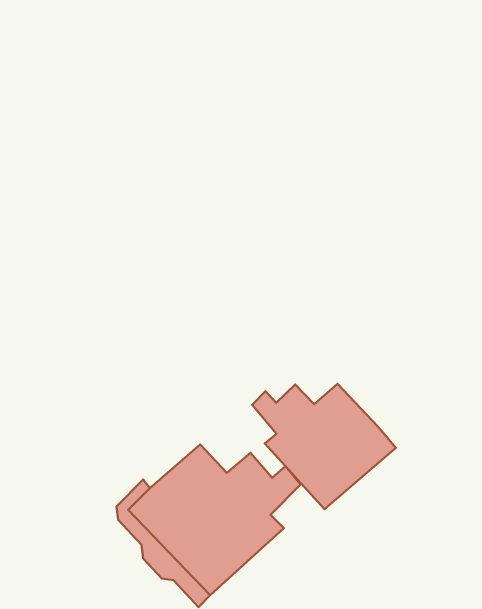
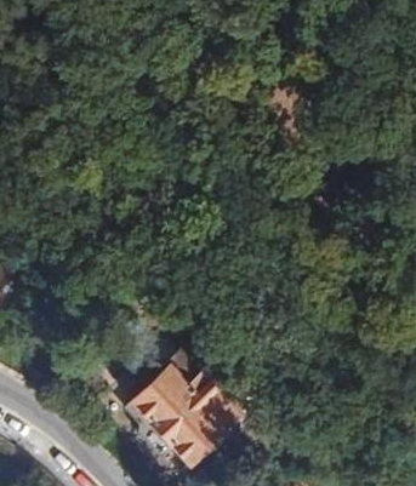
building: [252,384,396,509] -> none

